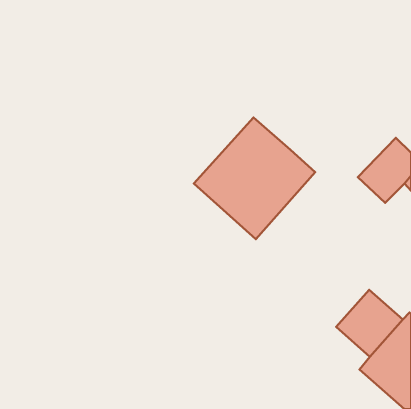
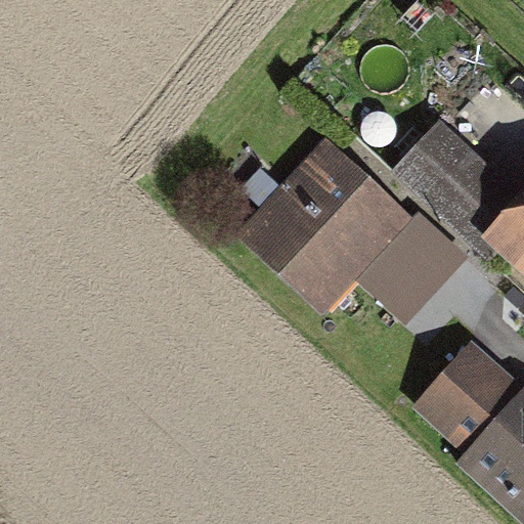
building: none -> [395,118,504,225]
building: none -> [358,211,467,319]

